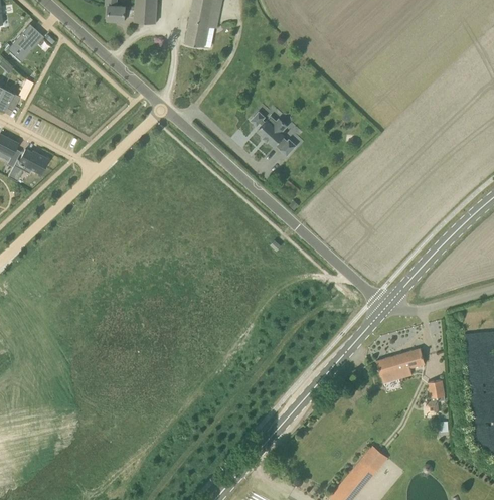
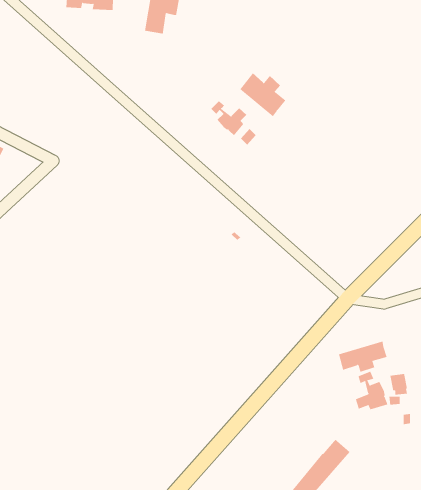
building: none -> [239,72,286,117]
building: none -> [355,371,388,410]

